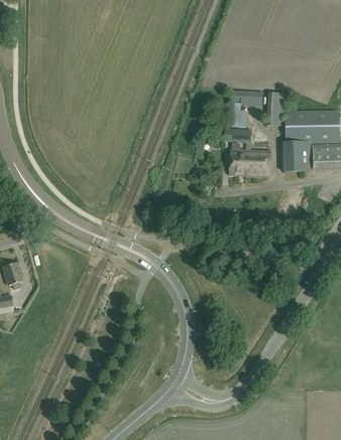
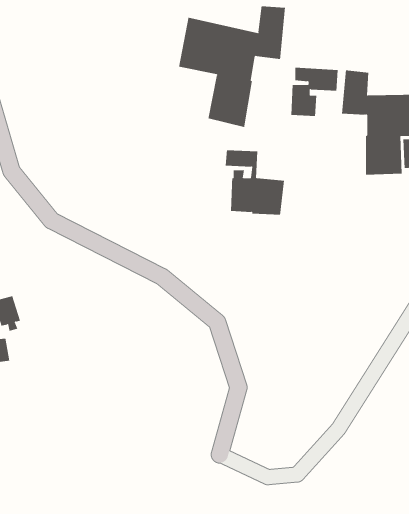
building: none -> [178,5,285,128]
building: [226,129,271,178] -> [225,150,285,215]

